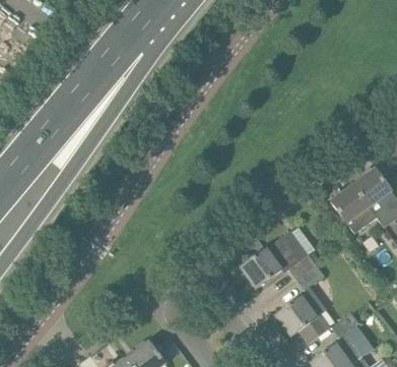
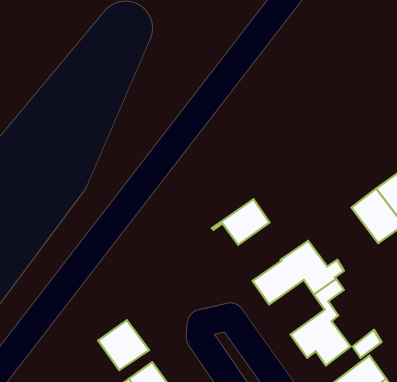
building: none -> [212,199,270,245]
building: none -> [98,320,149,370]

